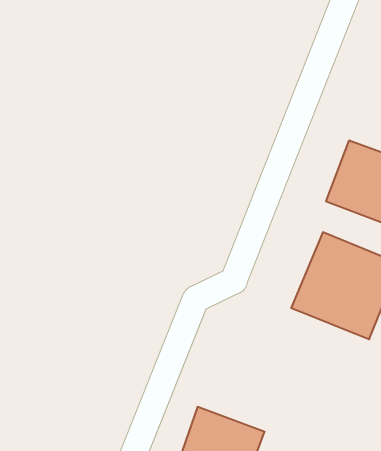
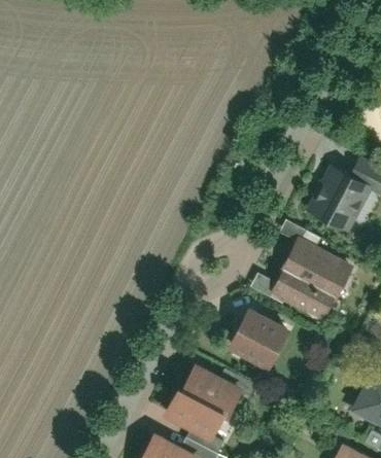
building: none -> [226,307,295,373]

